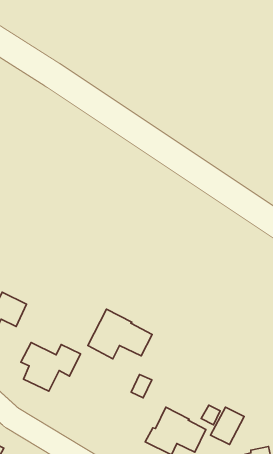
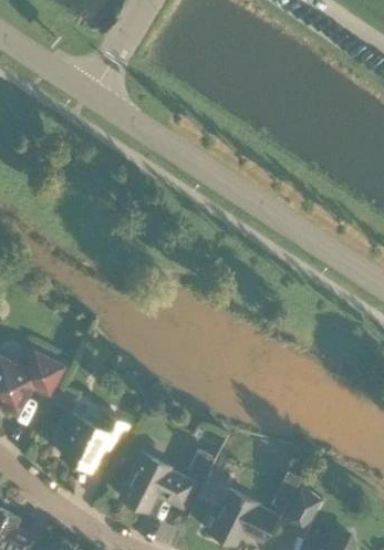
building: [88,309,152,359] -> [120,454,196,512]

